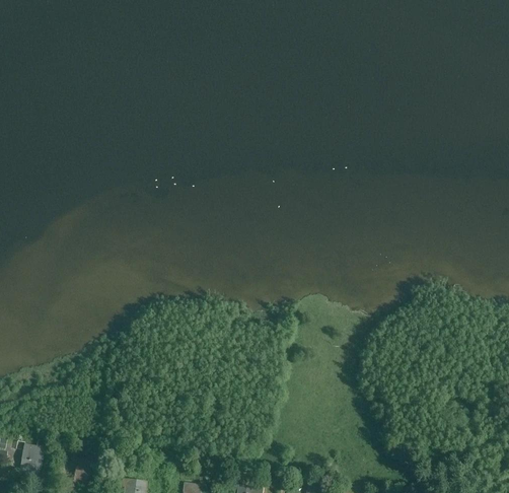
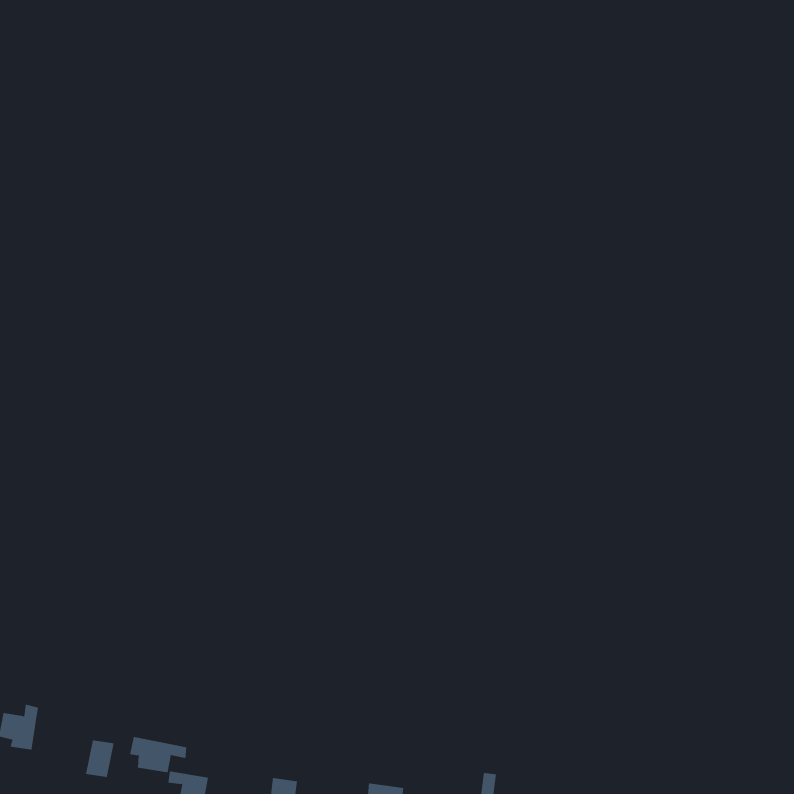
building: none -> [129,736,187,773]

